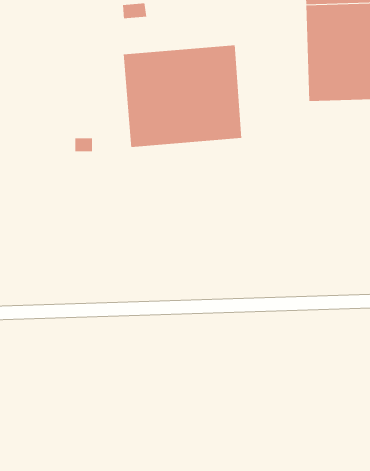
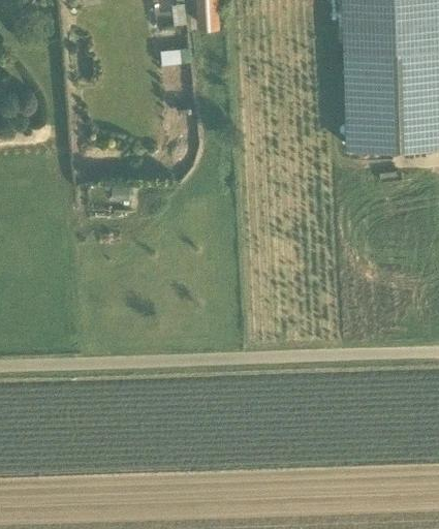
building: [123,45,242,148] -> none

